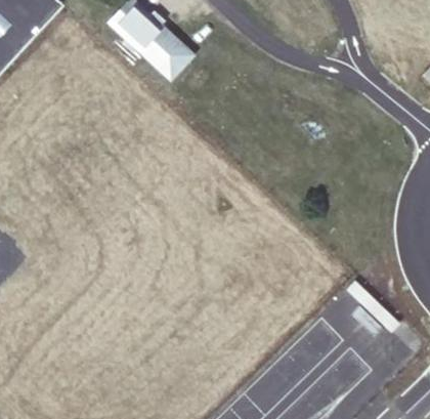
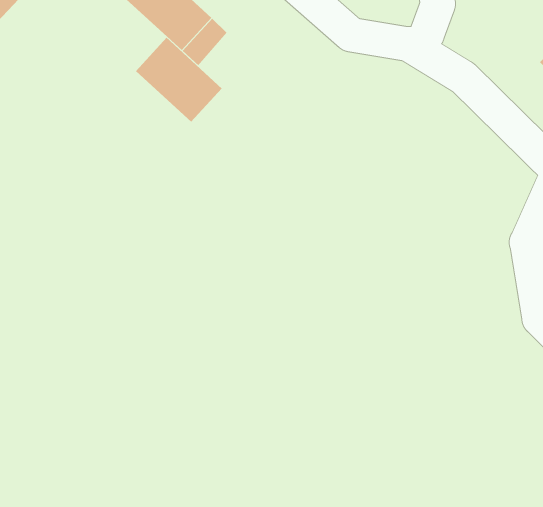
building: none -> [135,37,222,123]

